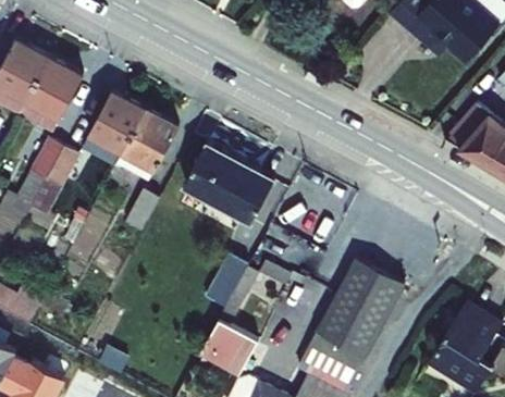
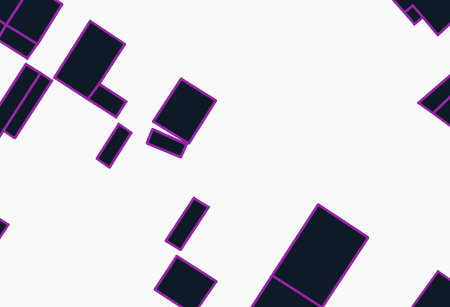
building: [127,110,177,166] -> none
building: [221,158,273,218] -> none

